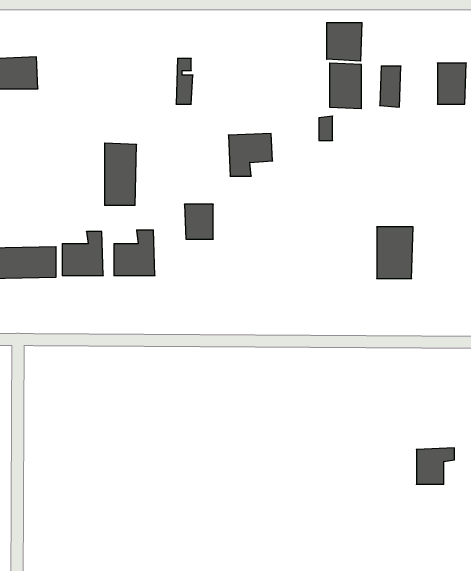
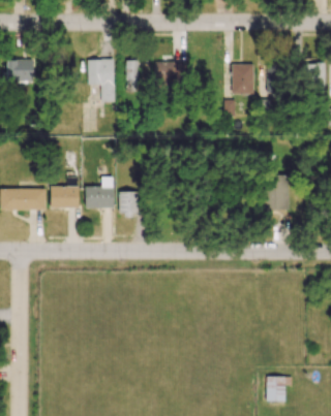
building: [327,23,362,61] -> none
building: [228,134,273,176] -> [155,61,185,90]
building: [105,143,137,205] -> [89,59,111,101]
building: [184,204,213,239] -> [119,191,139,215]
building: [416,448,454,484] -> [267,376,293,401]

